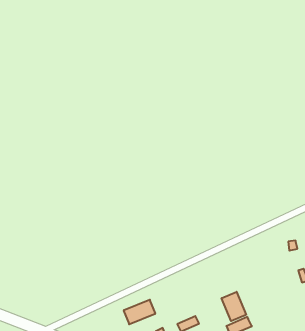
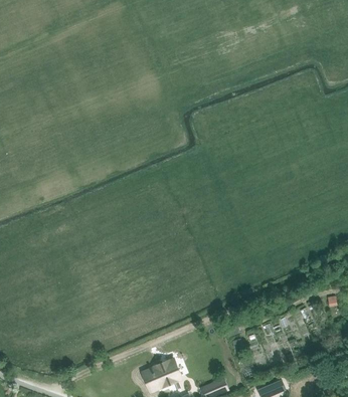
building: [222,292,246,321] -> none

